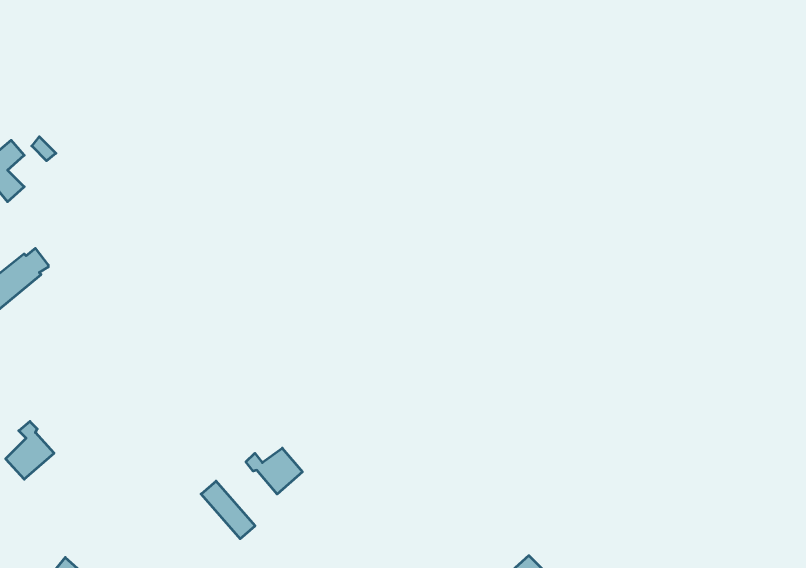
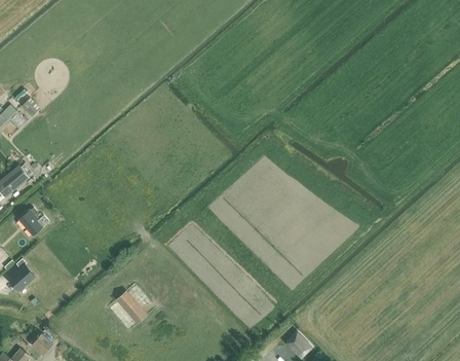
building: none -> [18,207,48,234]
building: [246,448,302,494] -> none

